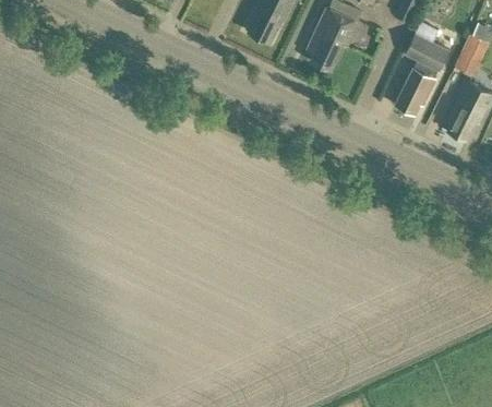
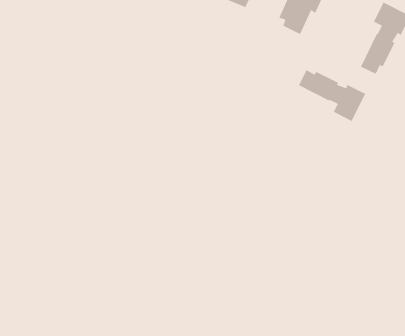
building: none -> [298,69,366,122]

